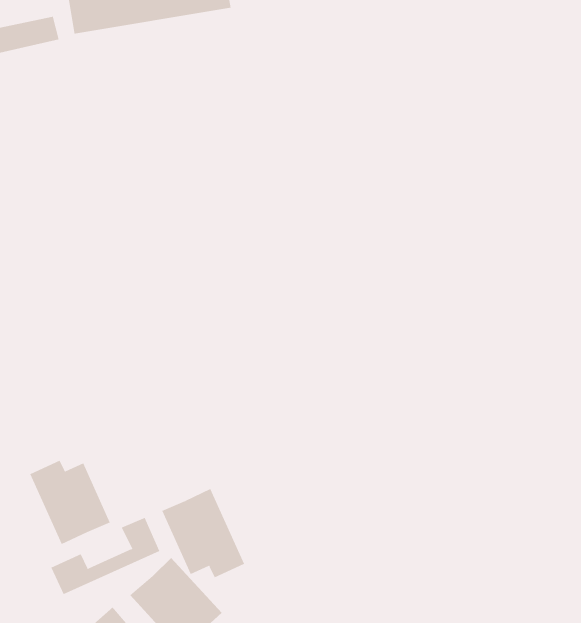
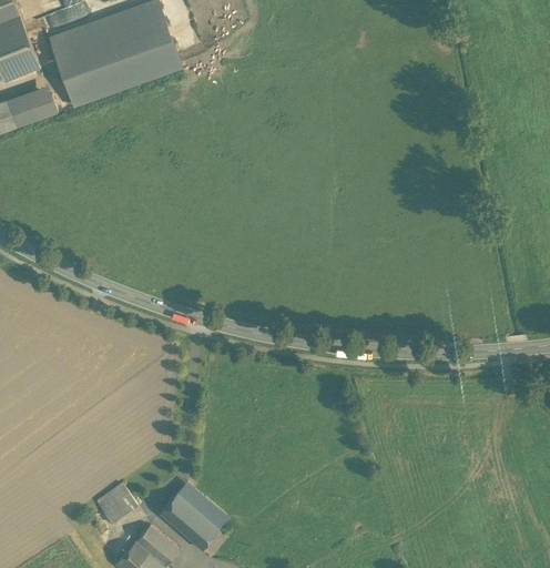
building: [29,460,111,545] -> none
building: [162,488,245,578] -> none

